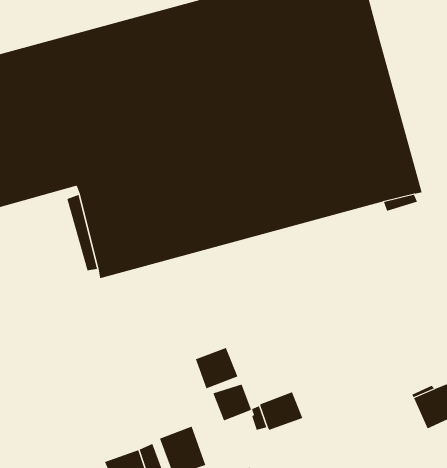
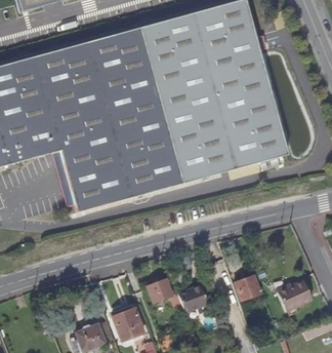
building: [195,347,238,389] -> none
building: none -> [236,274,261,300]

